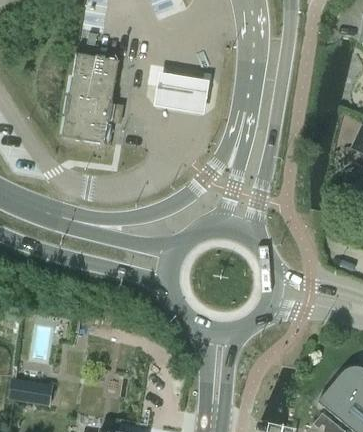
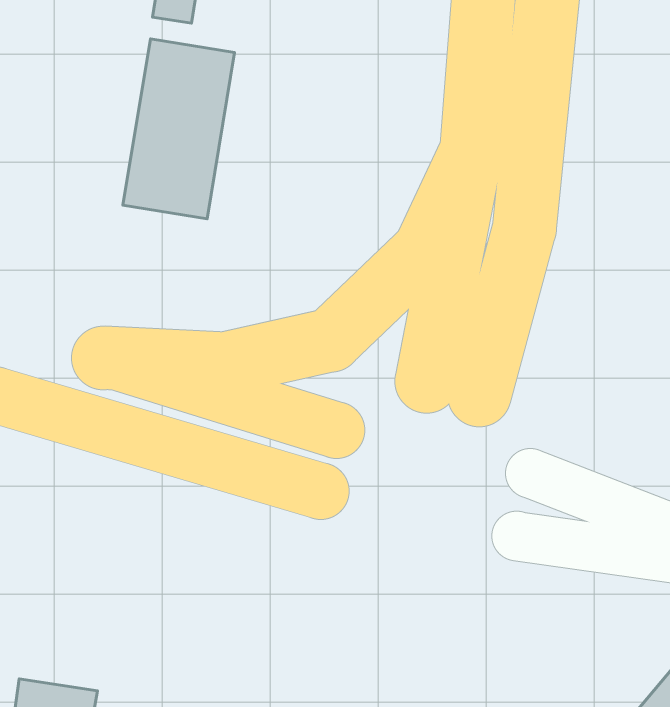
building: [153,72,209,112] -> none

